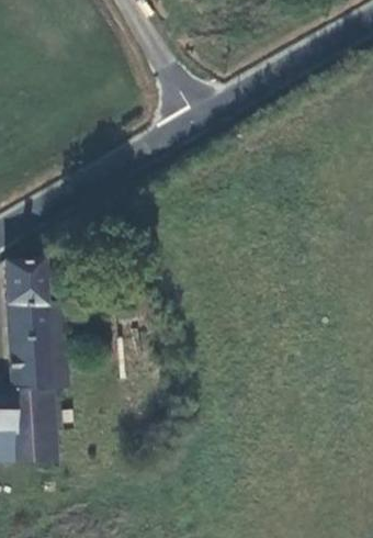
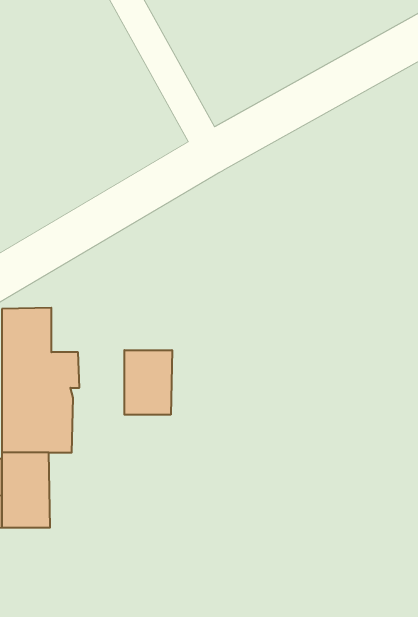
building: none -> [124,350,172,415]

